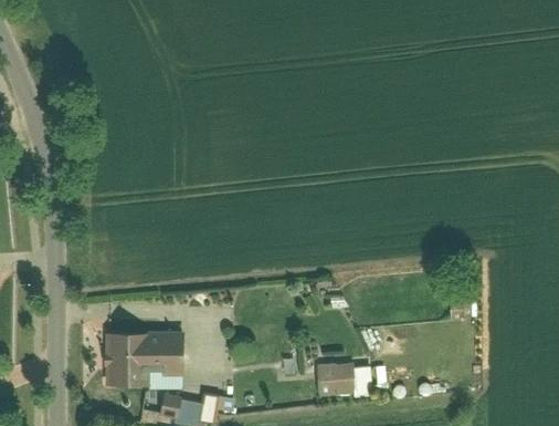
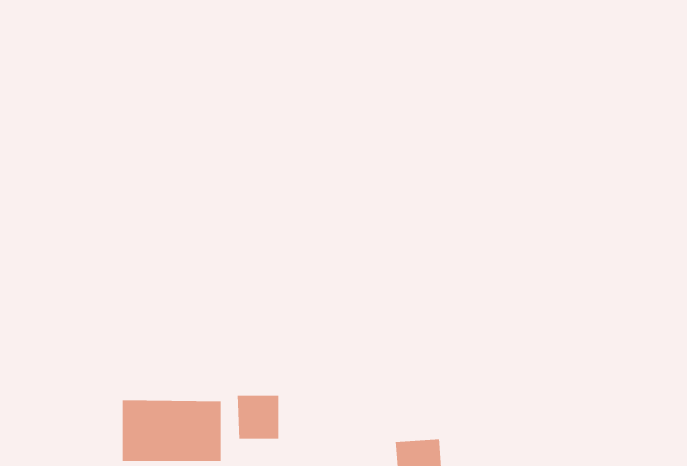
building: none -> [237,395,279,440]

